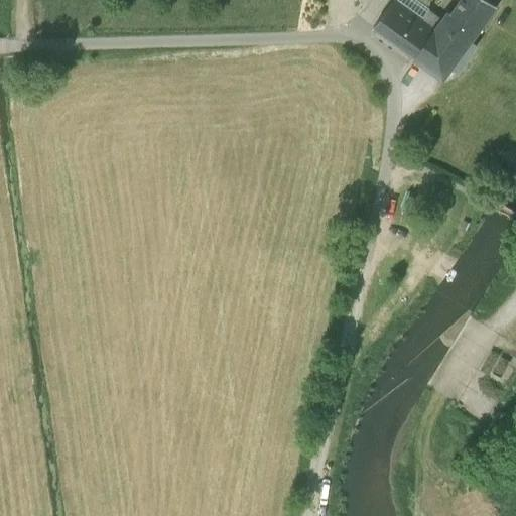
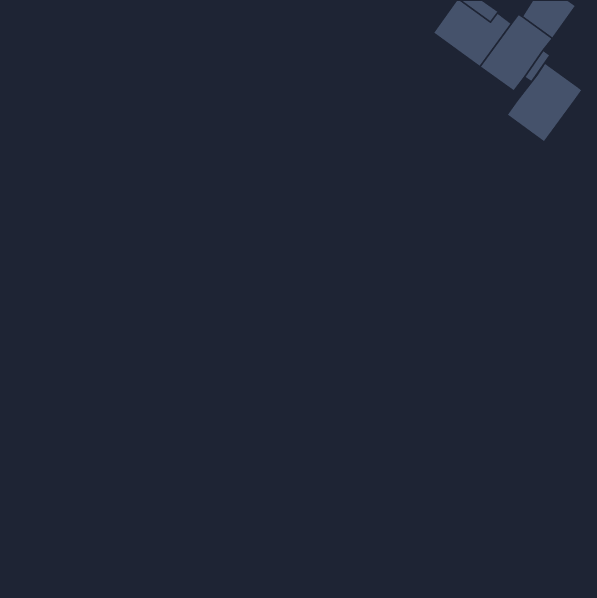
building: none -> [507,63,582,142]

